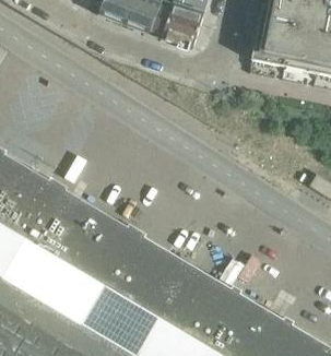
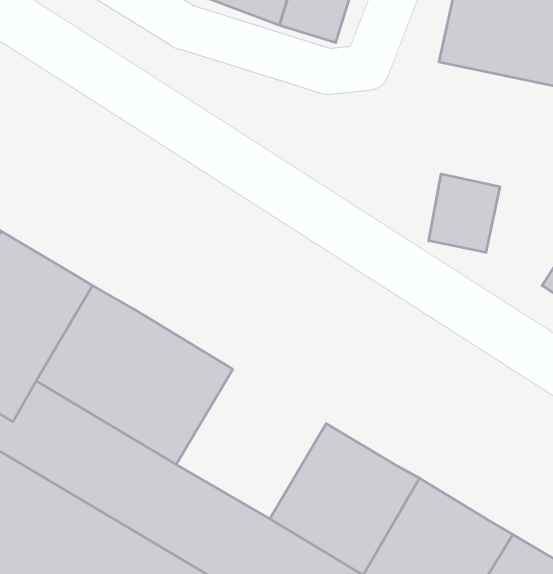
building: none -> [429,174,500,253]
building: [103,232,187,316] -> none

